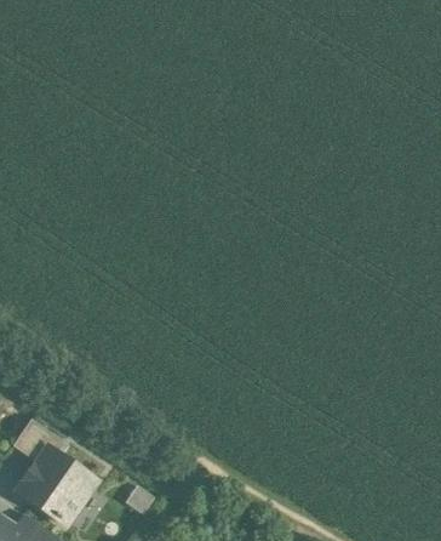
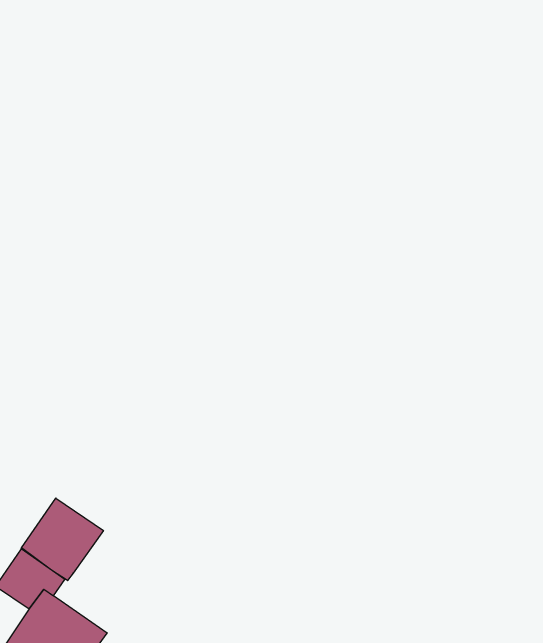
building: none -> [21,498,103,581]

